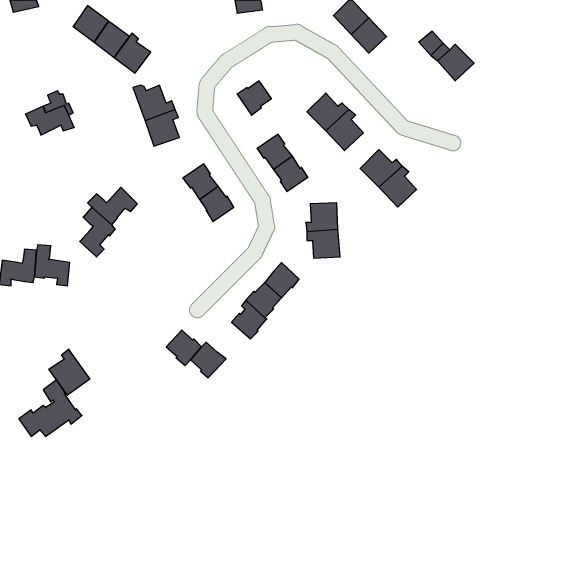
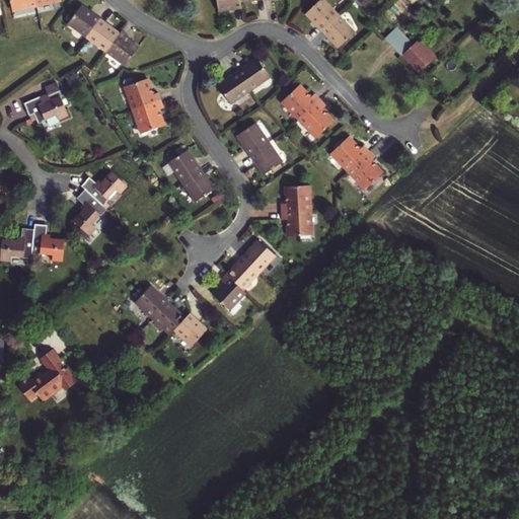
building: none -> [237,59,269,90]
building: none -> [134,285,166,317]
building: [49,349,90,395] -> none

